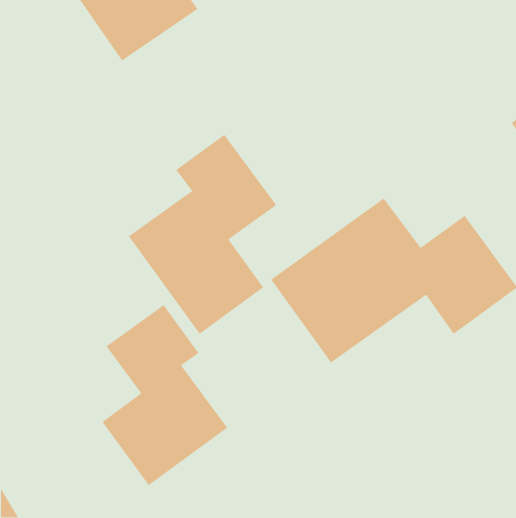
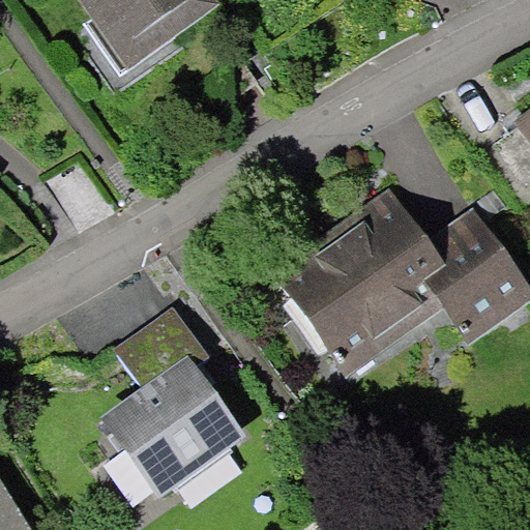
building: [128,134,277,335] -> none

